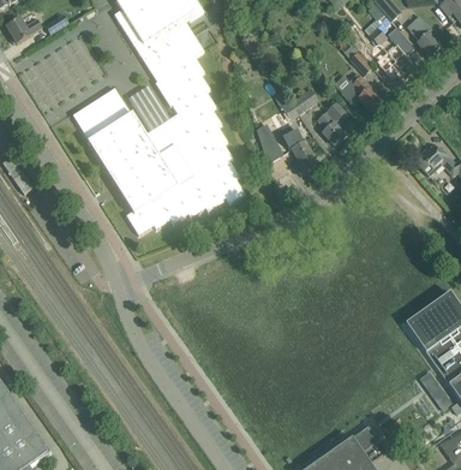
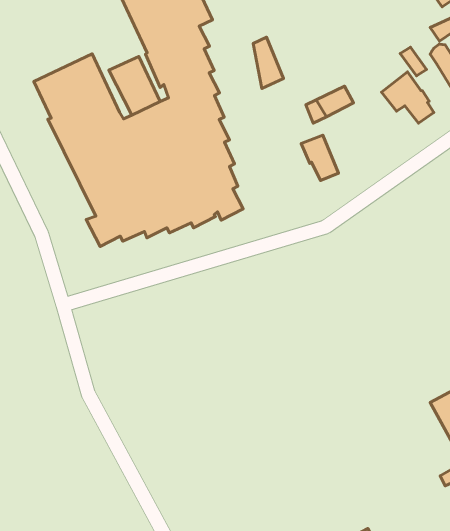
building: [317,100,346,144] -> none
building: [257,123,283,162] -> [253,37,283,89]

